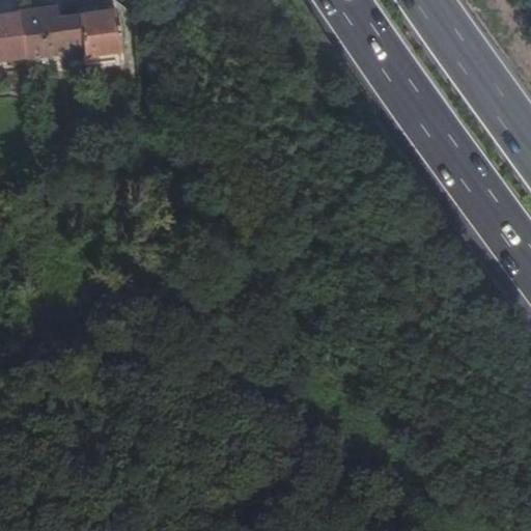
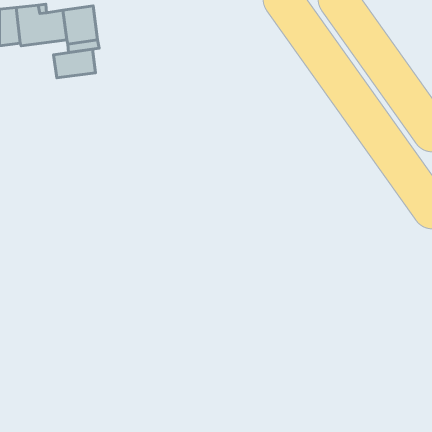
building: none -> [54,49,96,78]

